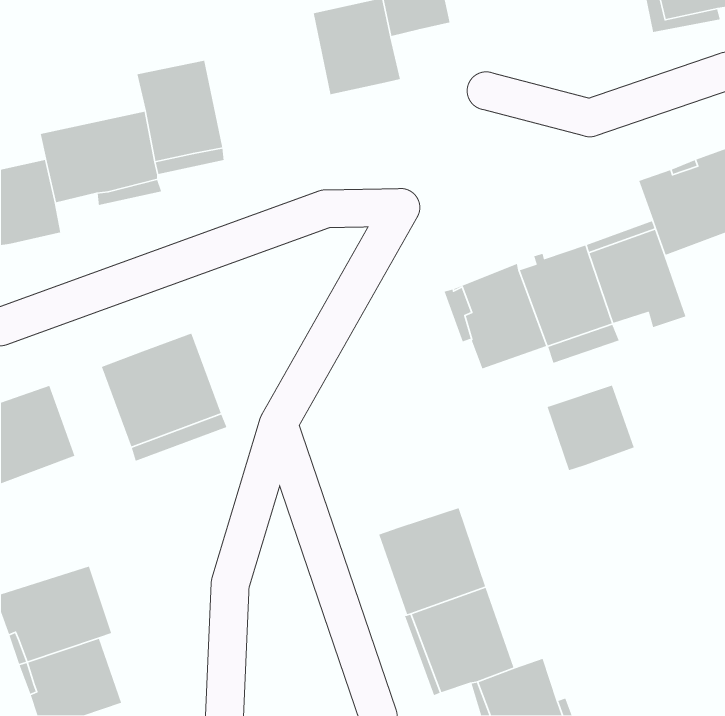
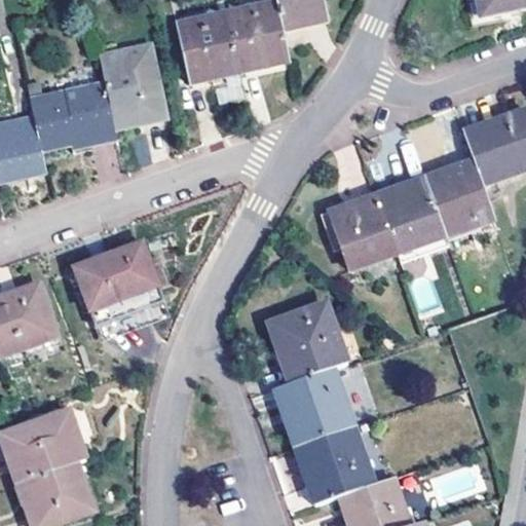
building: none -> [176,9,239,80]
building: [546,385,635,471] -> none
building: none -> [268,302,346,381]

